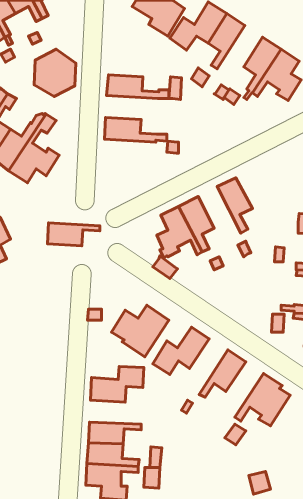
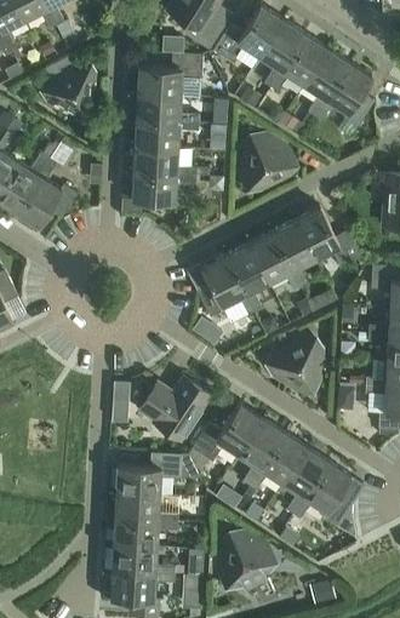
building: none -> [272,34,327,92]
building: none -> [138,52,219,97]
building: none -> [135,120,199,149]
building: none -> [239,135,291,193]
building: none -> [295,207,362,268]
building: none -> [248,231,301,291]
building: [47,223,100,246] -> [132,173,196,201]
building: none -> [273,336,325,394]
building: none -> [238,418,285,486]
building: none -> [282,446,328,514]
building: none -> [115,493,178,522]
building: none -> [218,533,270,591]

